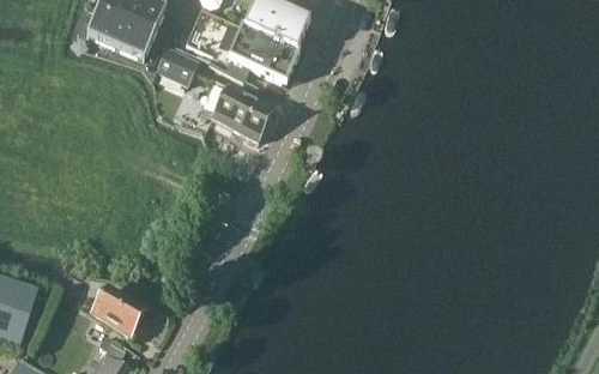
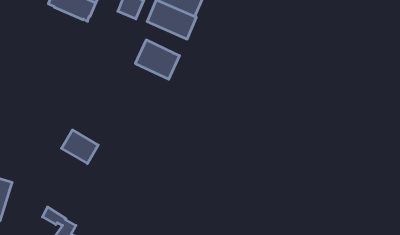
building: [156,46,196,83] -> none
building: [92,286,145,334] -> [61,130,98,164]

